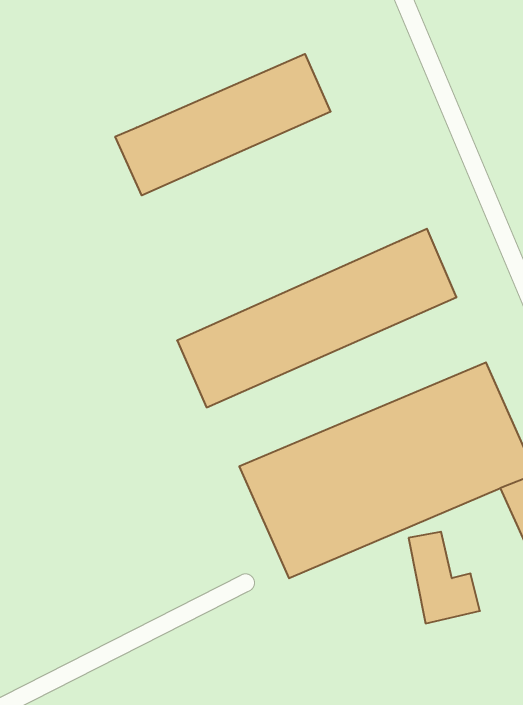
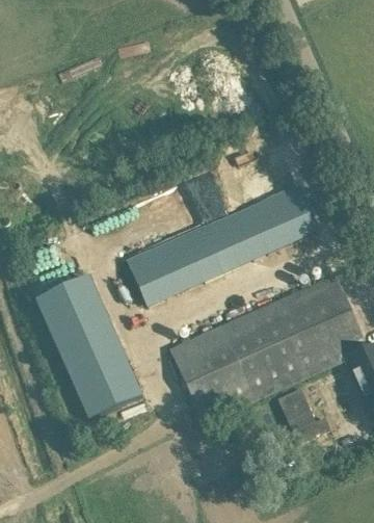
building: [115,54,331,195] -> none
building: none -> [38,273,142,414]

